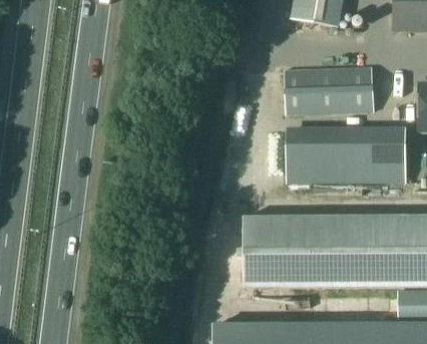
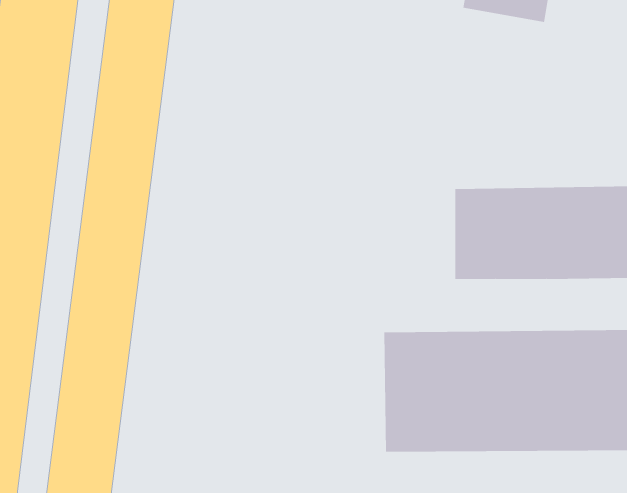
building: [283,66,374,115] -> none

